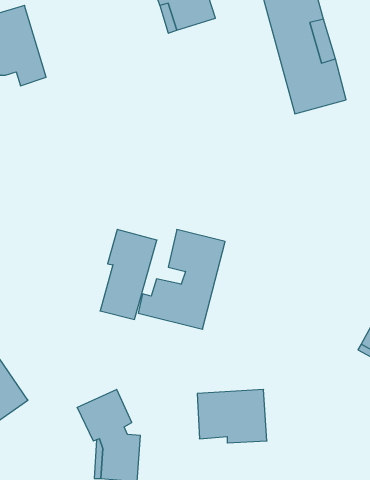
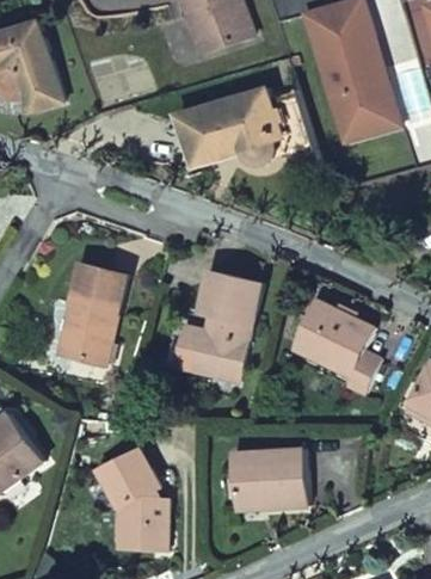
building: none -> [176,87,279,166]
building: [100,229,157,319] -> [62,263,125,363]
building: none -> [294,298,380,393]

